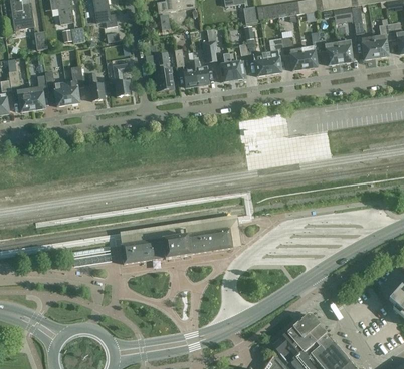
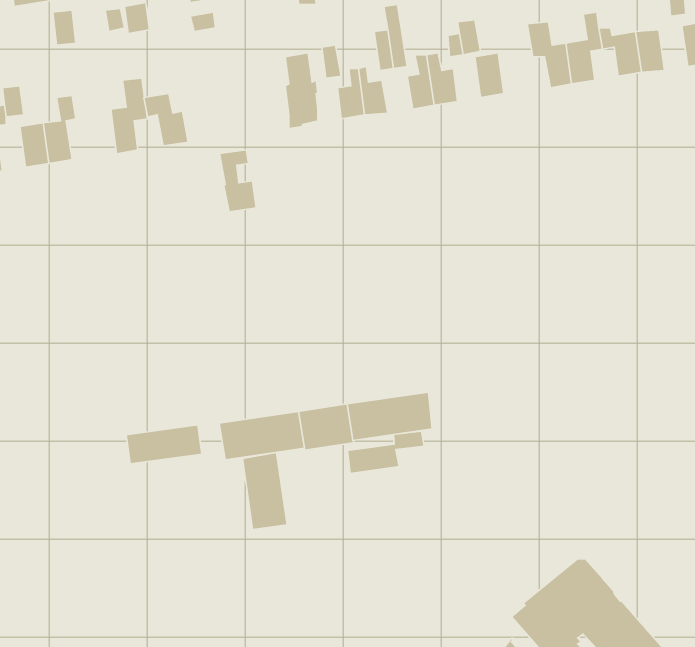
building: [265,37,283,73] -> none
building: [112,63,131,95] -> [220,150,256,212]
building: [44,71,67,105] -> none
building: none -> [348,431,424,474]
building: none -> [242,452,287,530]

